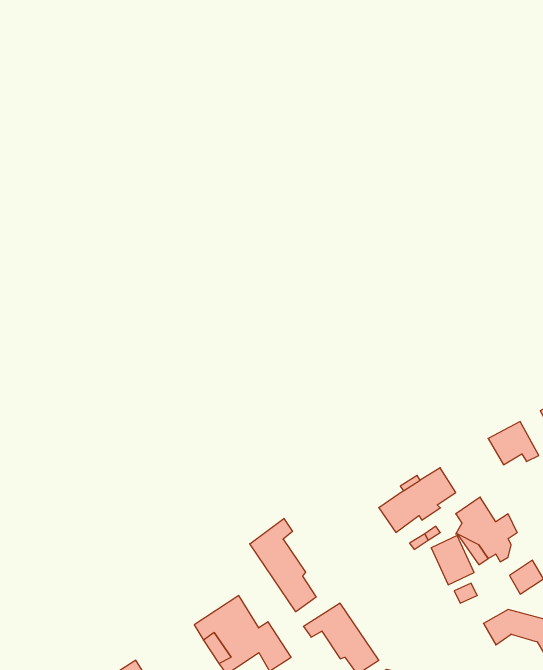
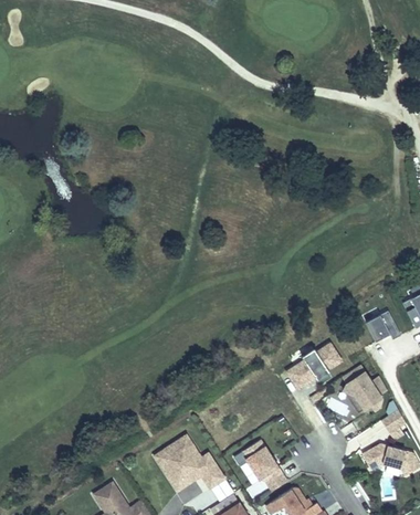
building: [250,518,316,612] -> none

